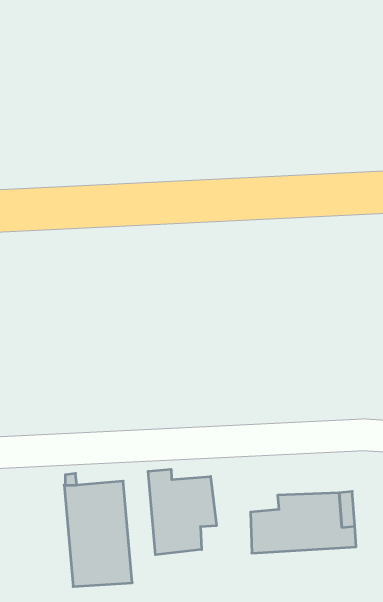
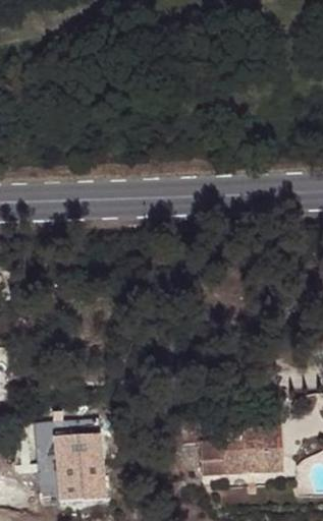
building: [148,469,216,555] -> none

